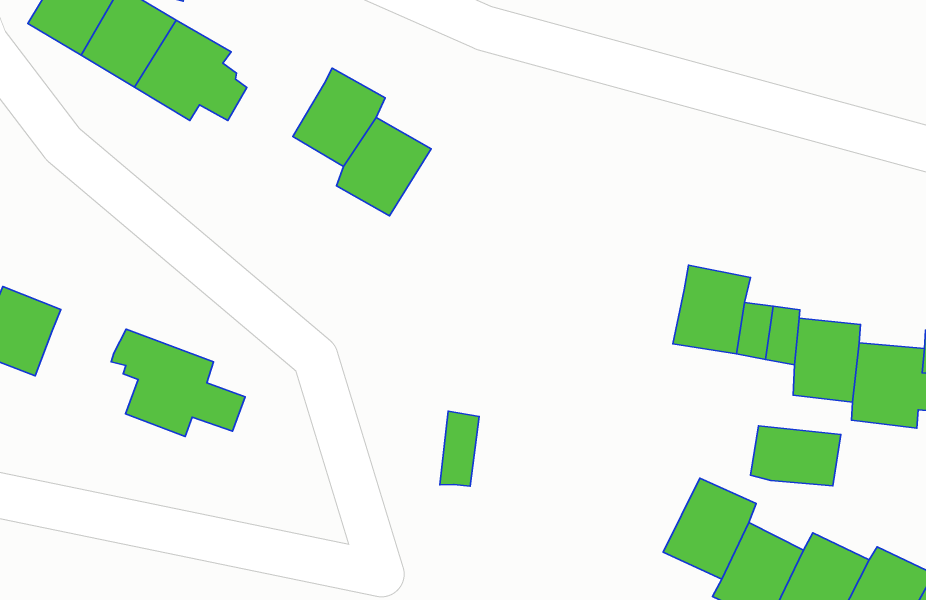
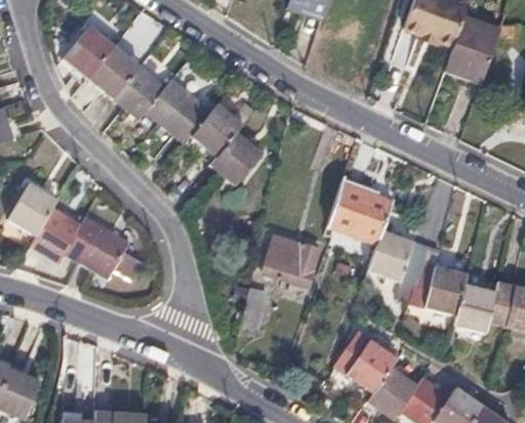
building: none -> [158,77,210,140]
building: none -> [326,182,392,243]
building: none -> [262,234,318,286]
building: none -> [35,213,91,261]
building: [750,426,841,486] -> none

